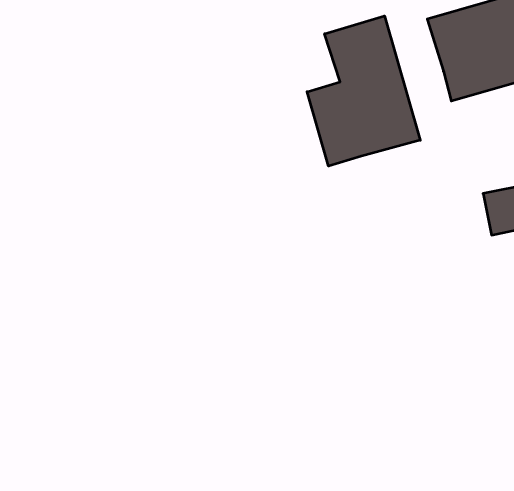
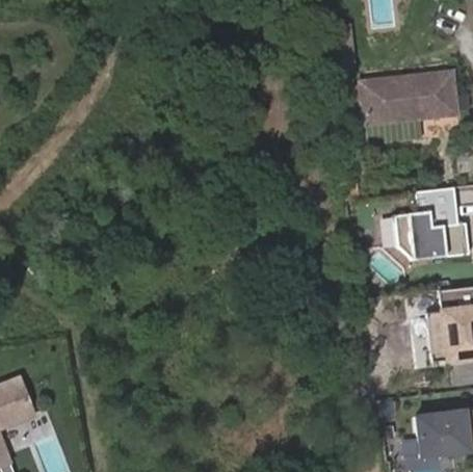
building: [307,16,420,166] -> none

